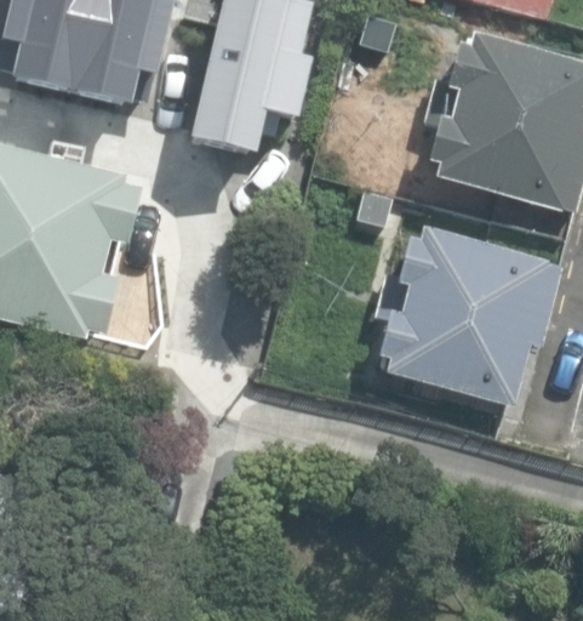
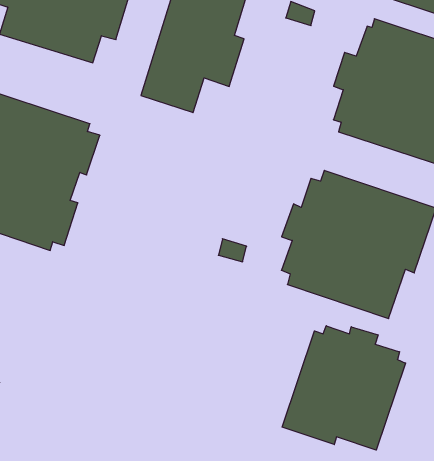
building: none -> [282,326,406,450]

